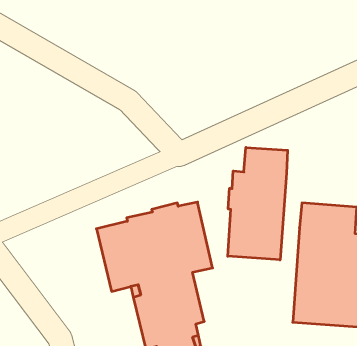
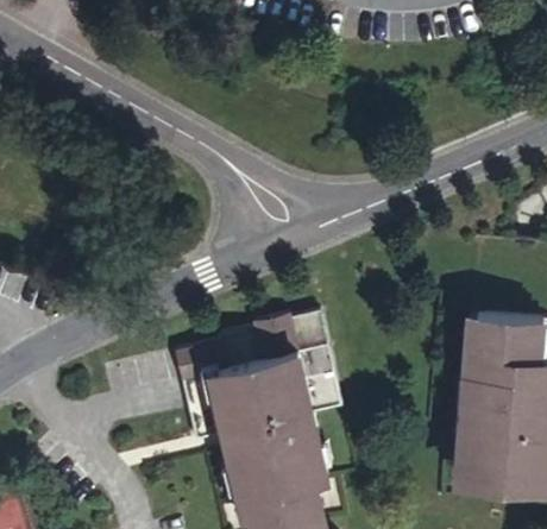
building: [228,147,288,260] -> none

